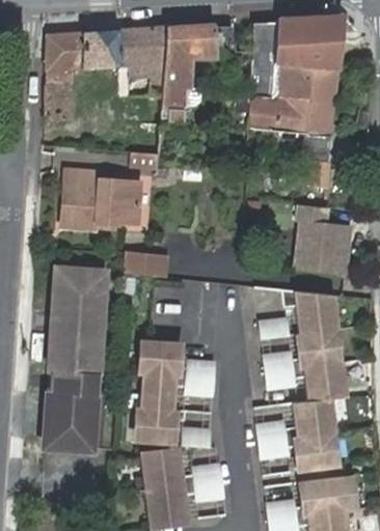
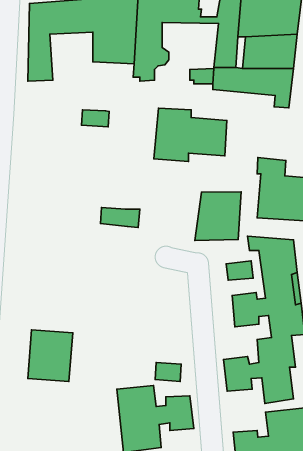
building: [61,172,140,230] -> [154,108,227,162]
building: none -> [195,192,241,241]
building: [50,273,102,393] -> none
building: [138,338,216,443] -> none

